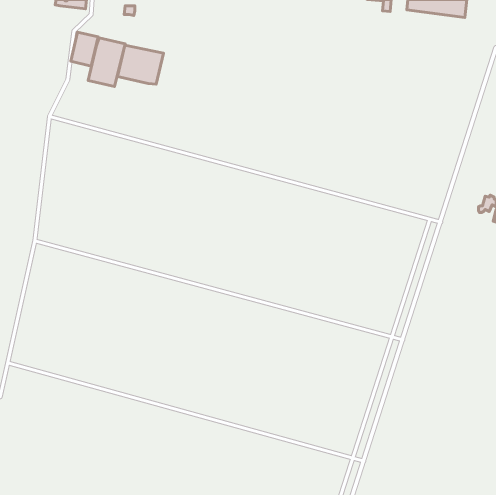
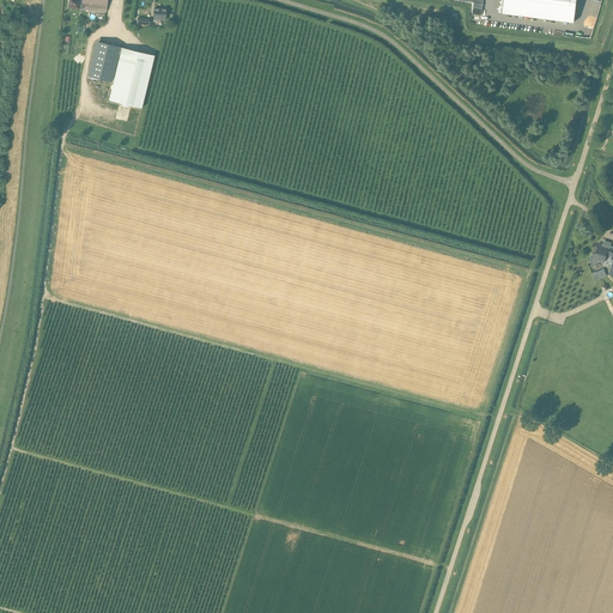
building: [118,45,164,84] -> none

